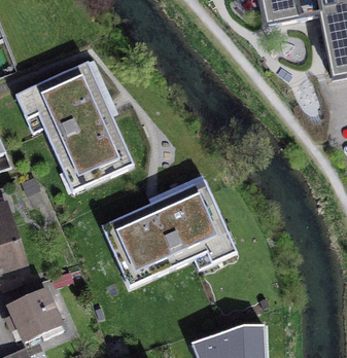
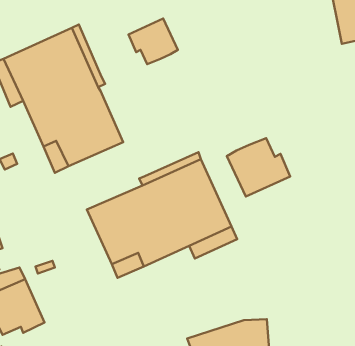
building: none -> [129,19,178,64]
building: none -> [227,138,290,197]

